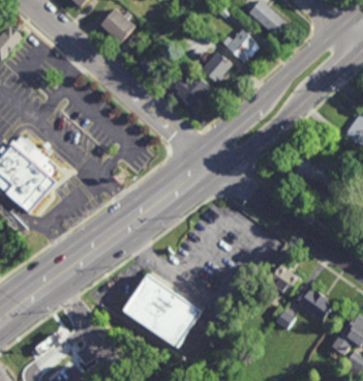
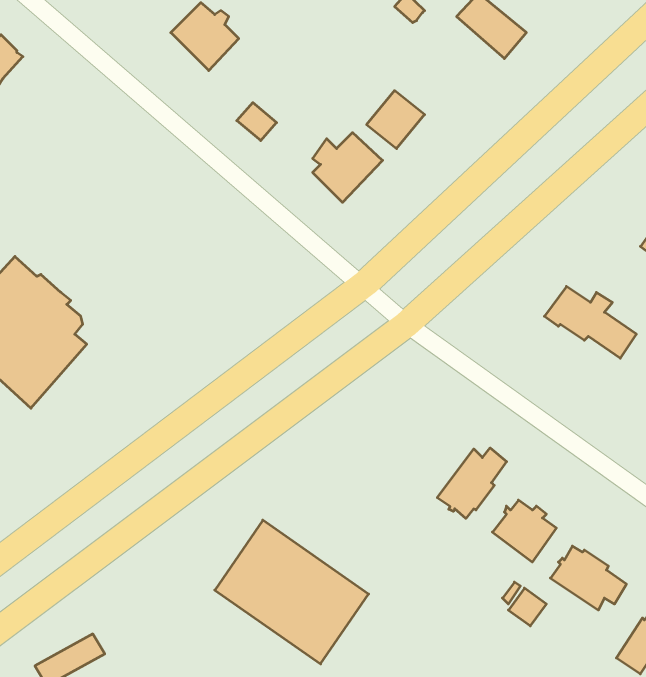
building: [220,30,260,65] -> none
building: none -> [437,448,507,518]

